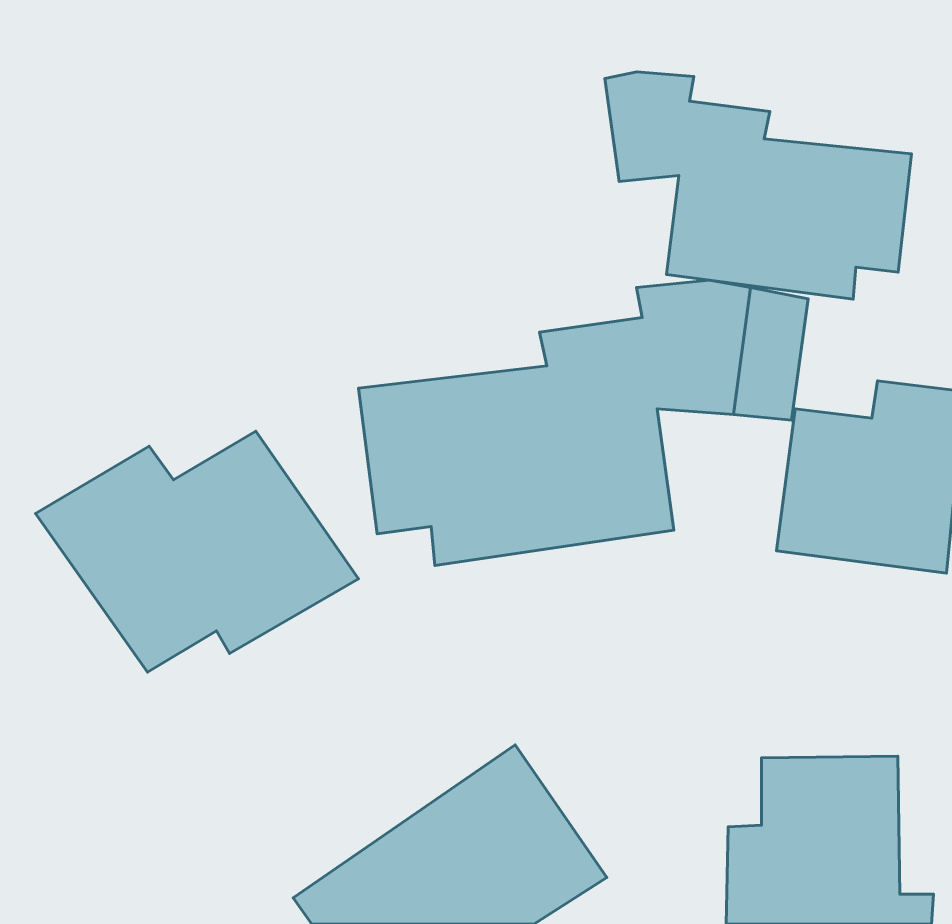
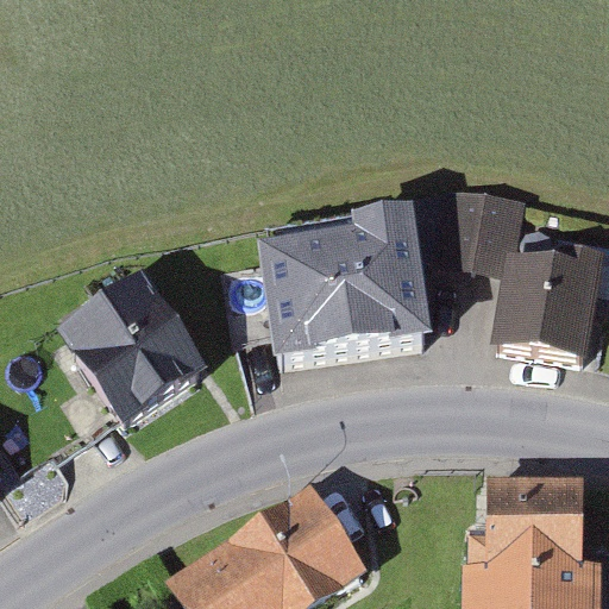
building: [605,72,911,299] -> none

